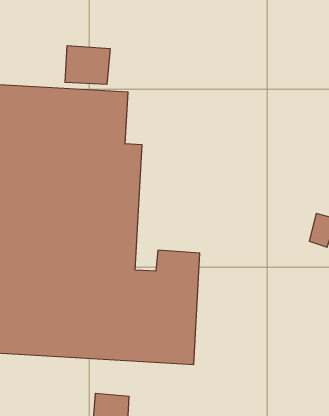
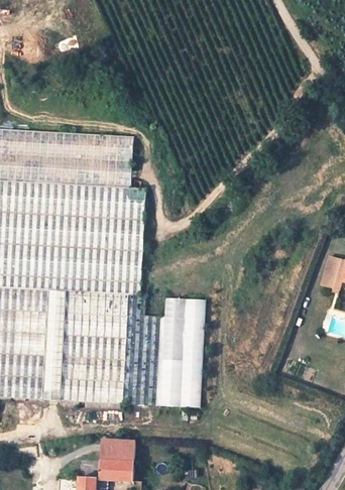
building: [65,46,110,84] -> none

